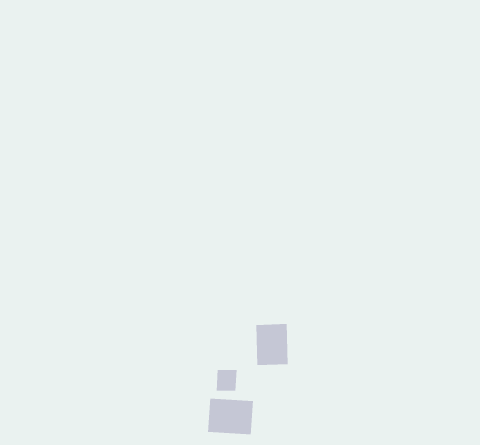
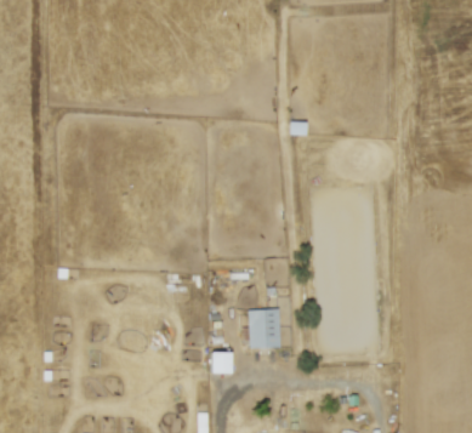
building: [207,398,253,435] -> none

